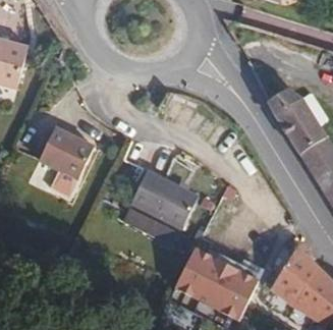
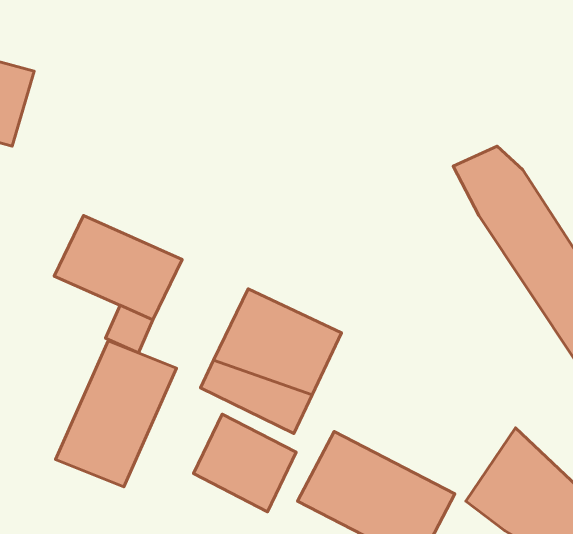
building: none -> [55,341,176,487]
building: none -> [193,414,296,512]

